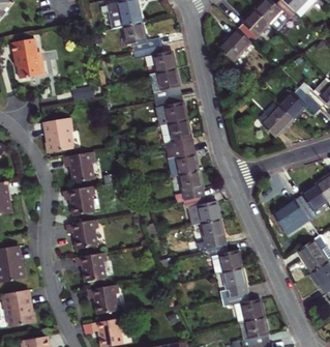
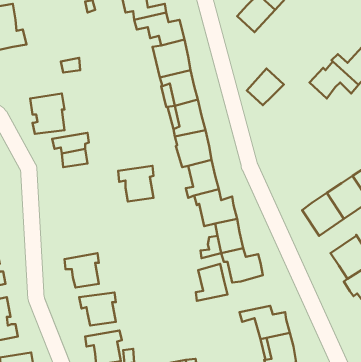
building: [265,107,296,138] -> [247,68,284,105]
building: [64,184,94,214] -> [118,166,154,201]
building: [66,218,97,247] -> none
building: [221,269,248,300] -> [196,264,228,301]

